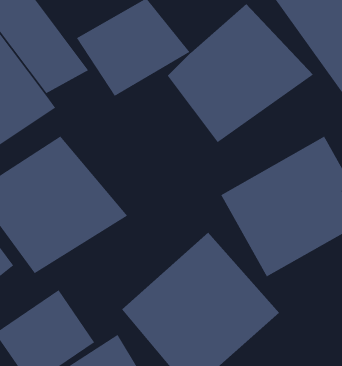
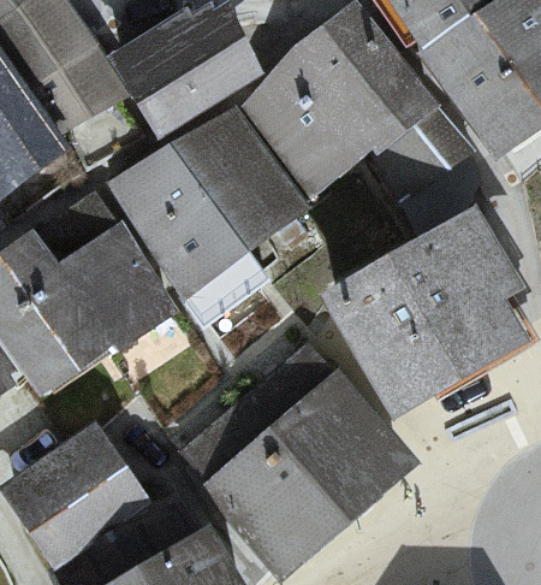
building: none -> [111,117,316,301]

